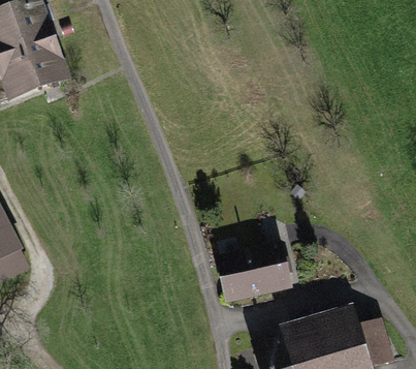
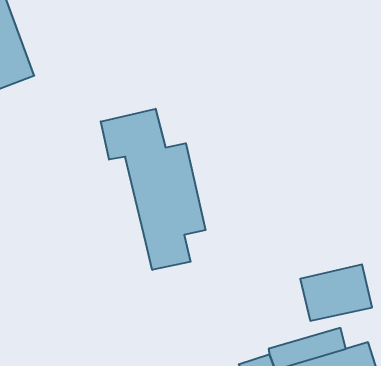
building: none -> [101,109,206,270]
building: [224,242,291,295] -> [300,264,372,321]

